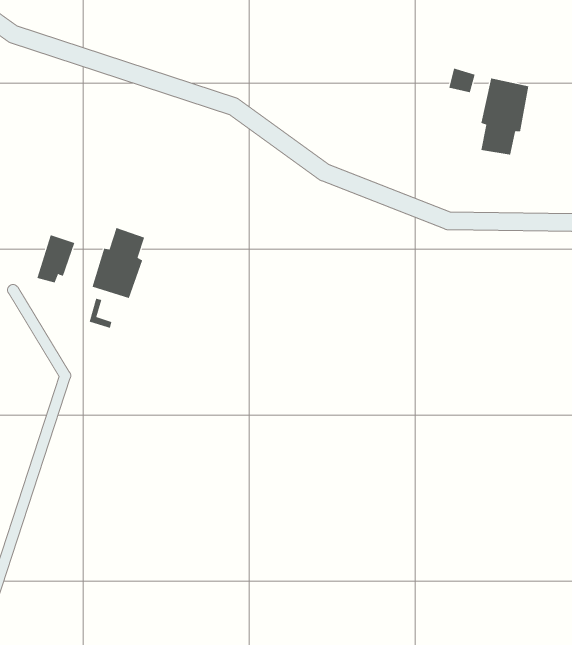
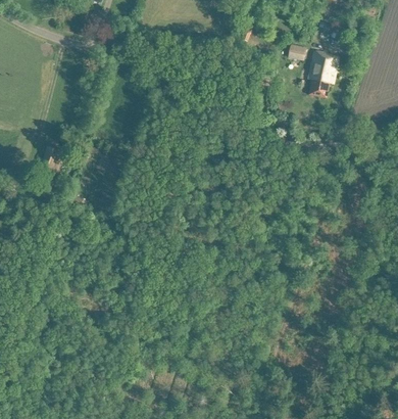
building: [92,227,145,299] -> none

